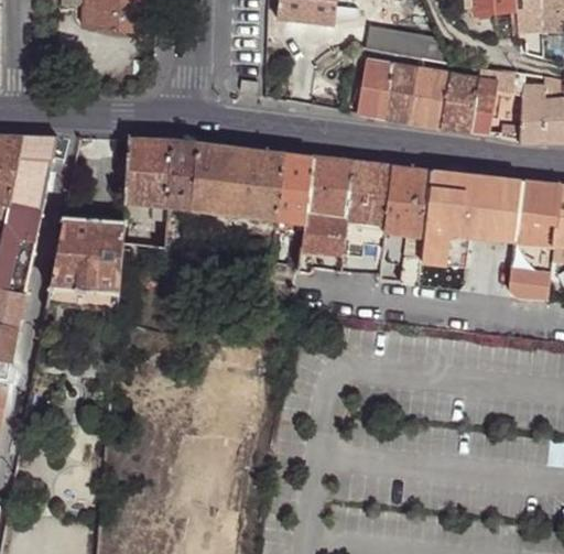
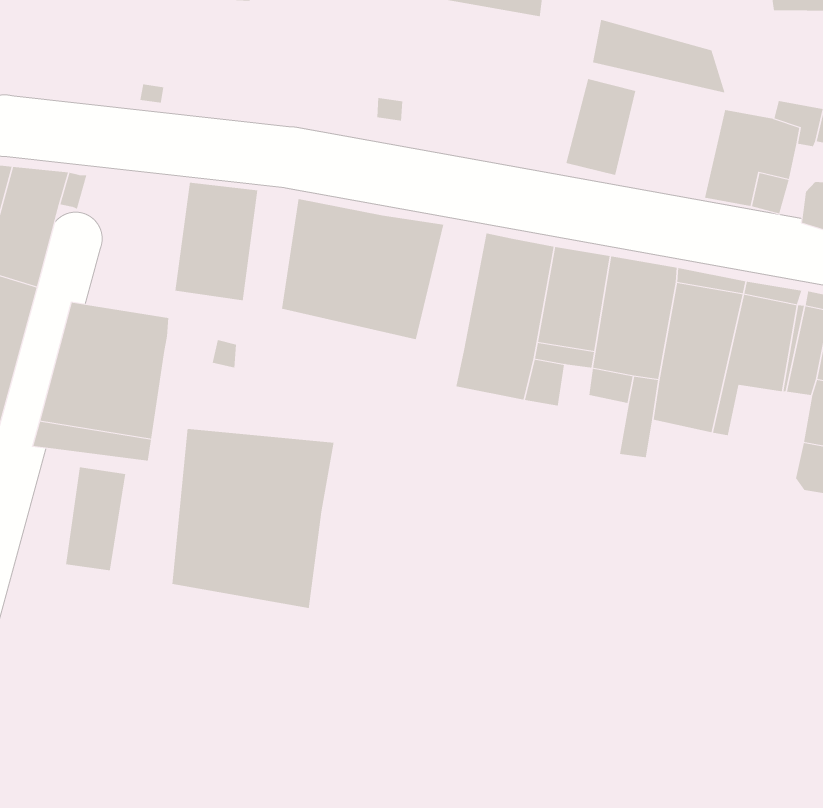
building: [387,65,449,127] -> none
building: [167,140,196,210] -> none
building: [273,153,311,228] -> none
building: none -> [172,428,334,609]
building: none -> [66,466,126,571]

